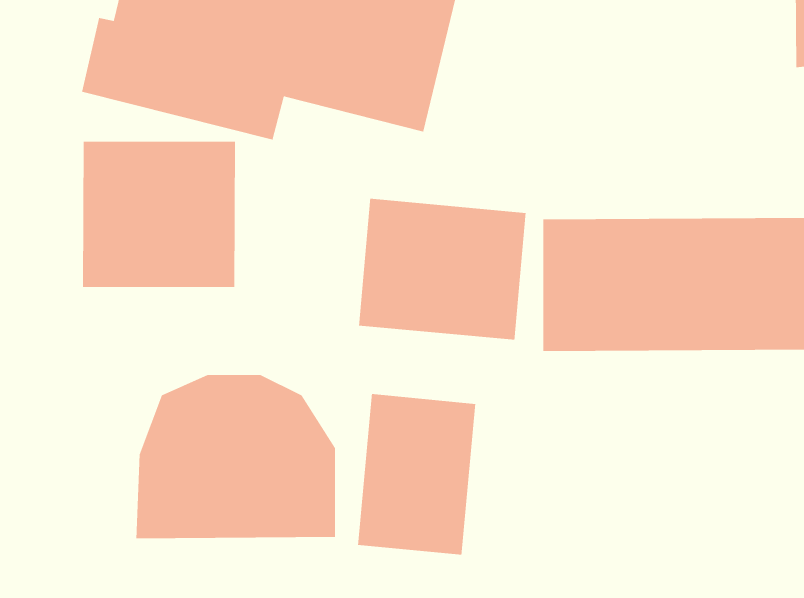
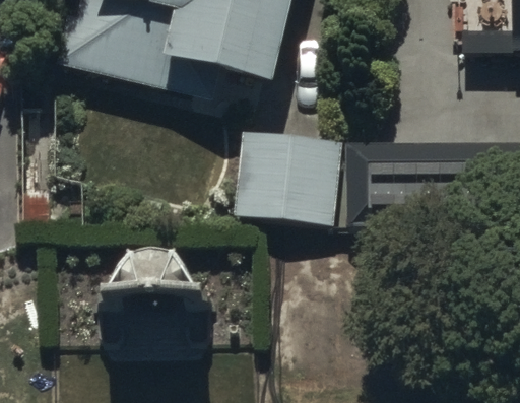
building: [82,141,236,288] -> none
building: [357,393,476,556] -> none

